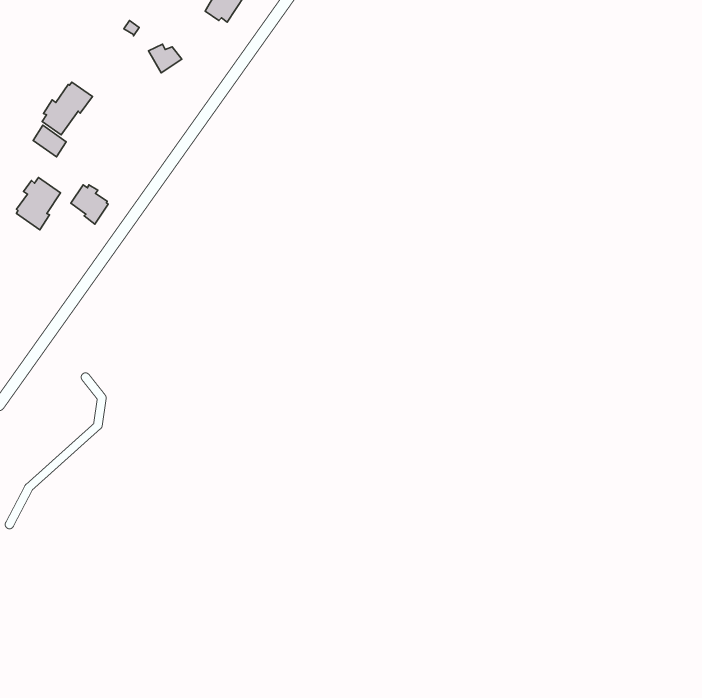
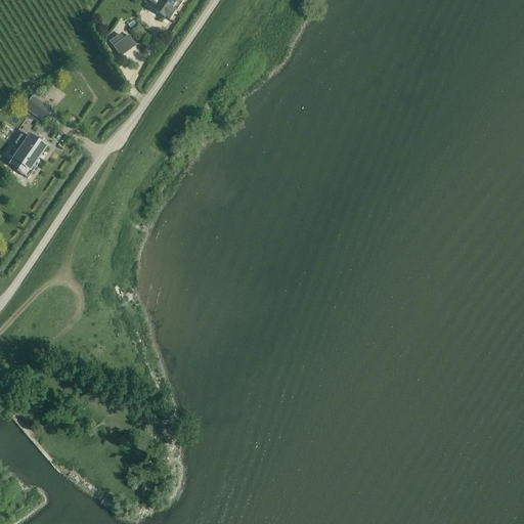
building: [42,82,93,135] -> none
building: [71,185,108,224] -> none

